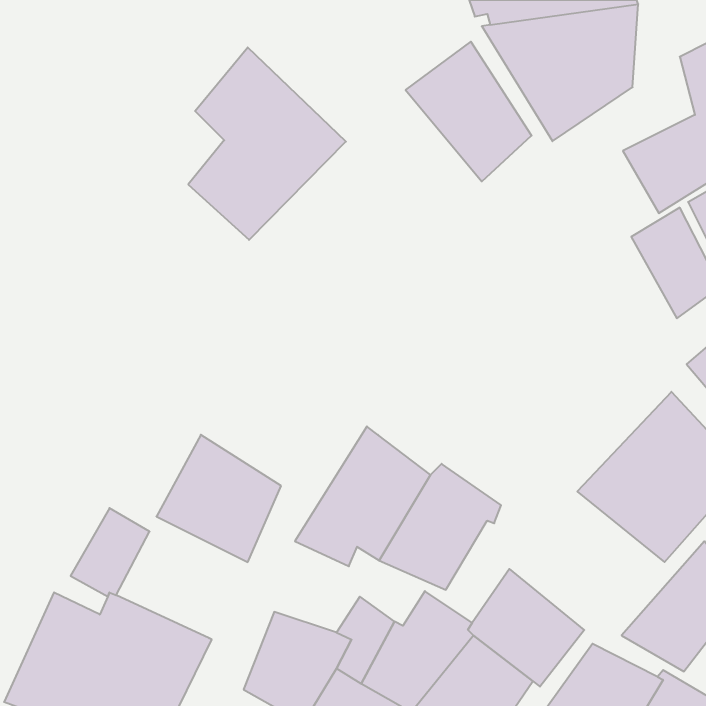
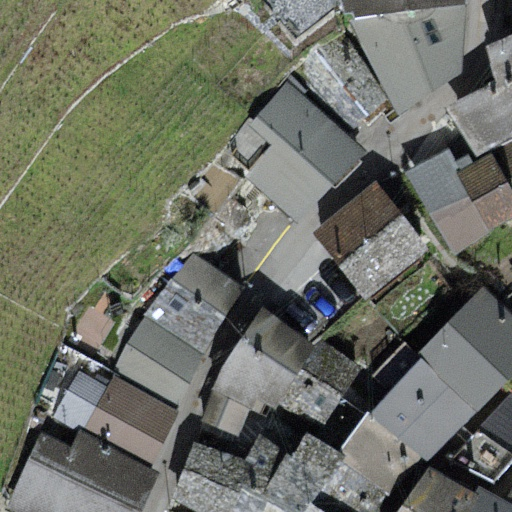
building: [188,47,346,240] -> [246,78,360,217]
building: none -> [406,147,490,254]
building: none -> [319,190,430,299]
building: none -> [146,252,244,352]
building: none -> [369,356,481,461]
building: none -> [85,374,180,462]

